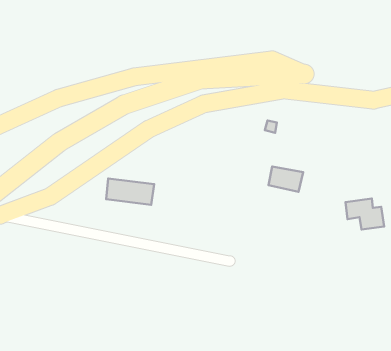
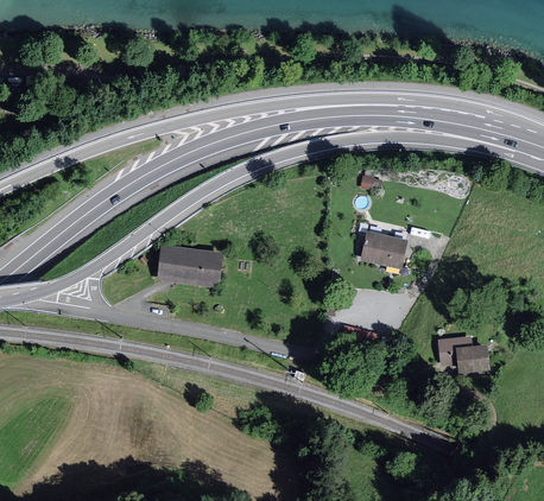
building: [346,199,384,229] -> [439,336,488,375]

